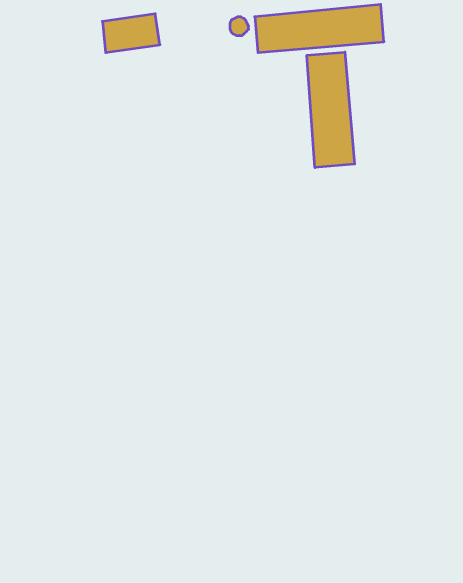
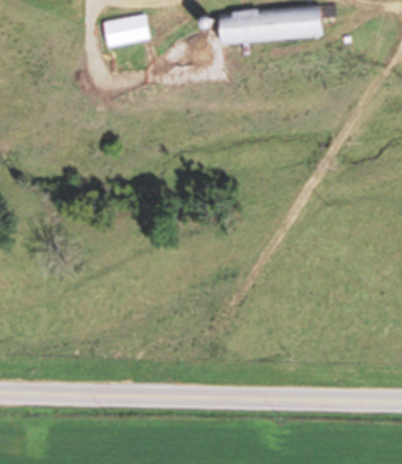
building: [307,52,355,168] -> none

